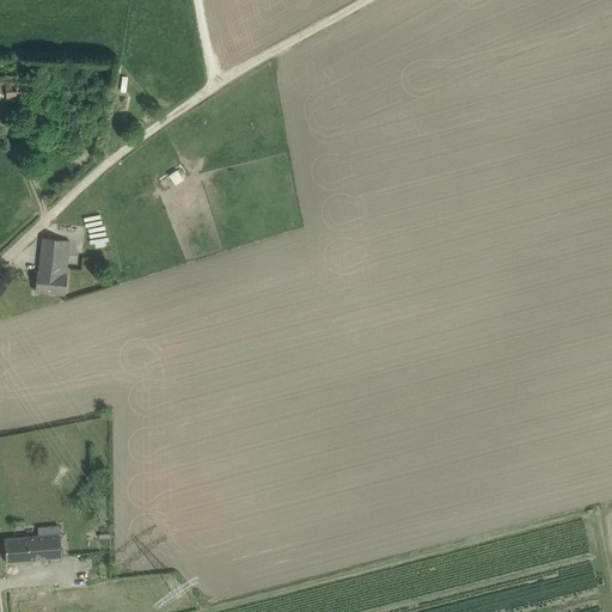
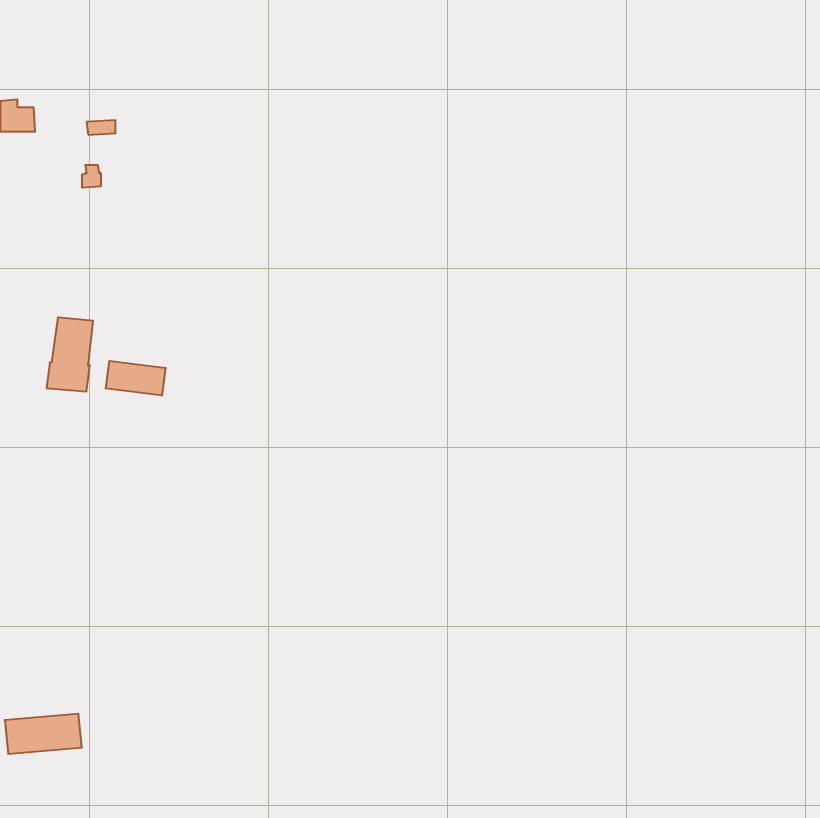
building: none -> [106,361,166,396]

